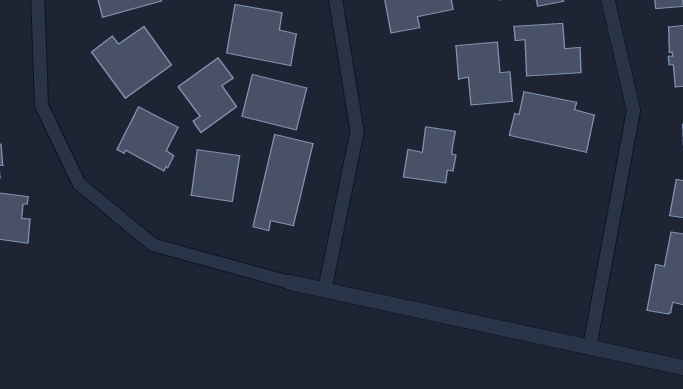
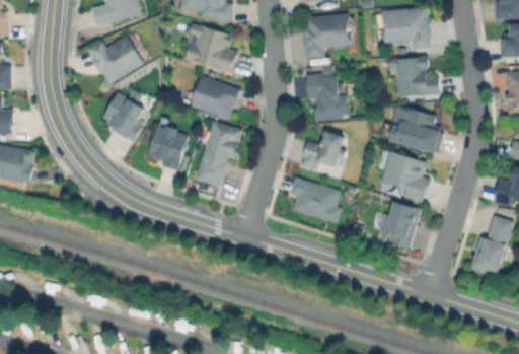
building: [456,42,513,105] -> [309,76,347,120]
building: [178,58,236,133] -> none
building: none -> [381,152,430,203]
building: none -> [294,179,342,222]
building: none -> [380,205,421,247]

